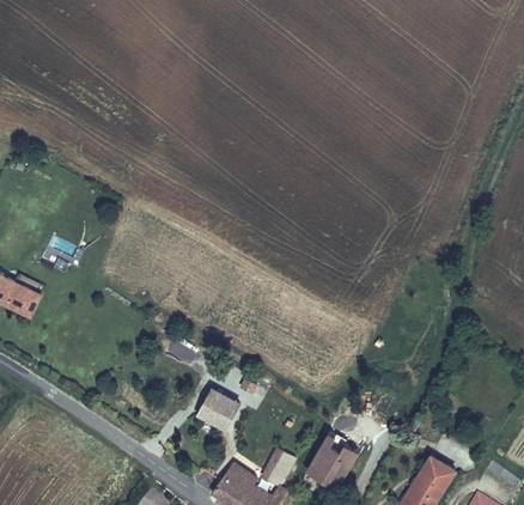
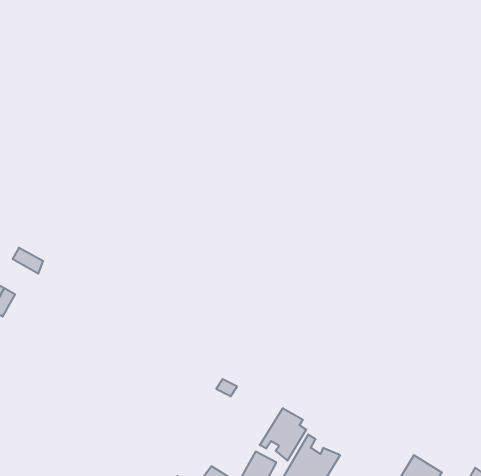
building: [195,384,242,430] -> none
building: none -> [260,408,306,461]

